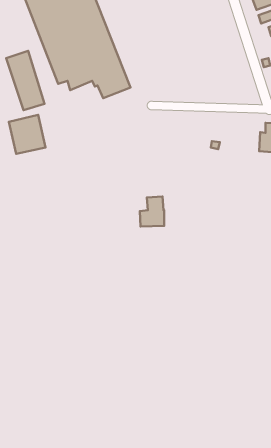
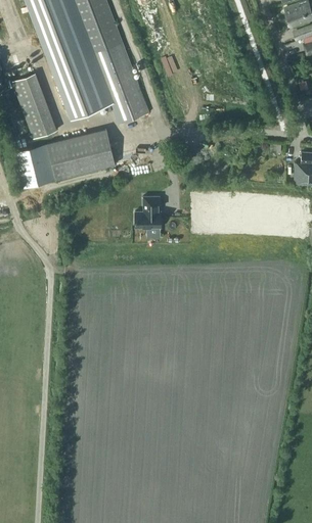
building: none -> [48,129,117,179]
building: [140,197,164,227] -> [135,195,163,229]

